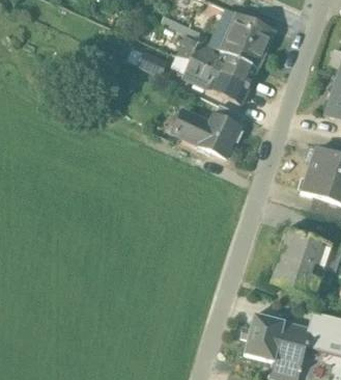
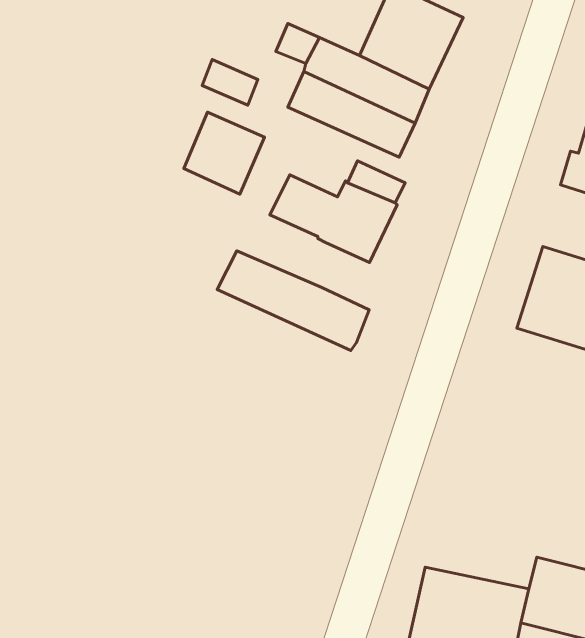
building: none -> [184,112,265,194]
building: none -> [217,251,369,350]
building: [271,229,331,297] -> none

